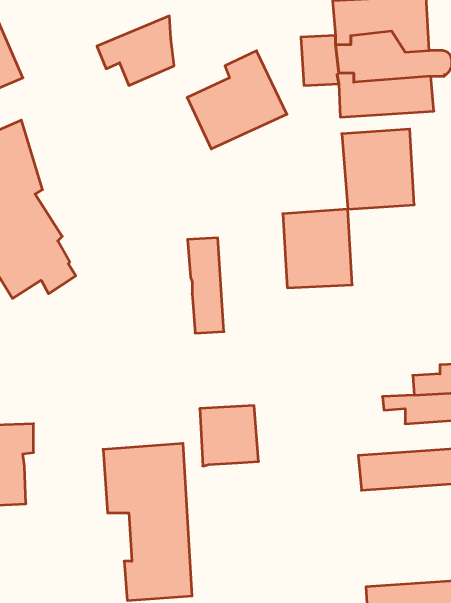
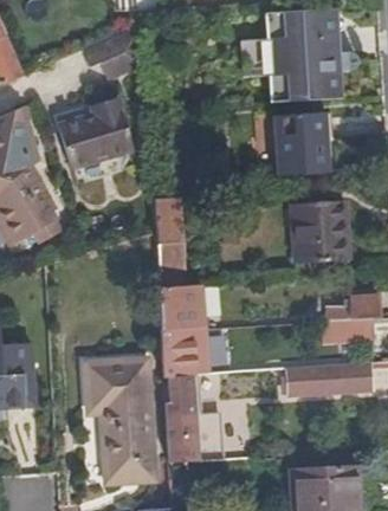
building: [187,51,287,149] -> [54,104,132,181]
building: [283,209,352,288] -> [291,195,345,257]
building: none -> [159,285,203,331]
building: none -> [164,374,221,463]

